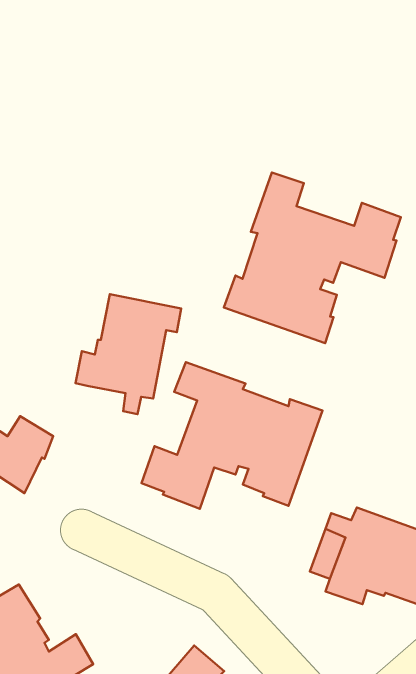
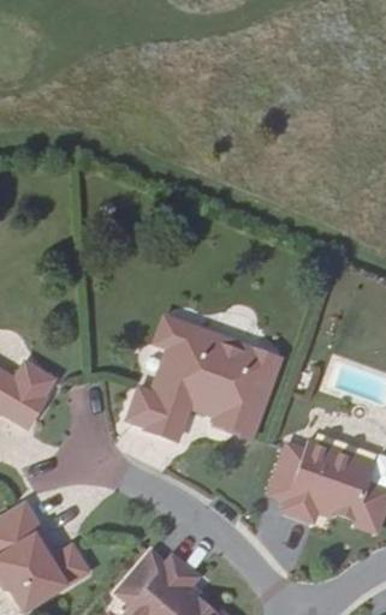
building: [224,173,401,343] -> none
building: [75,294,181,414] -> none

